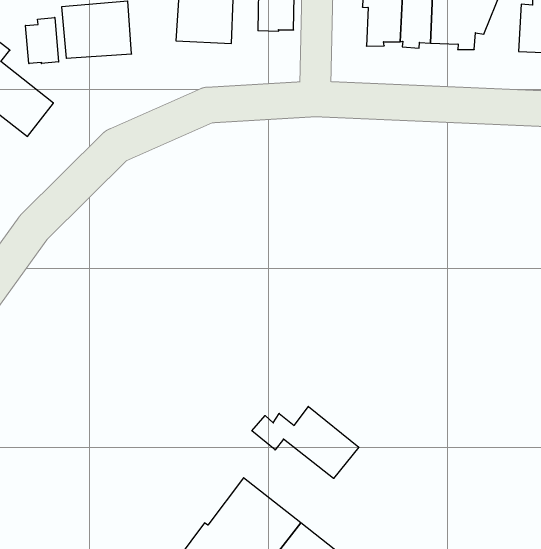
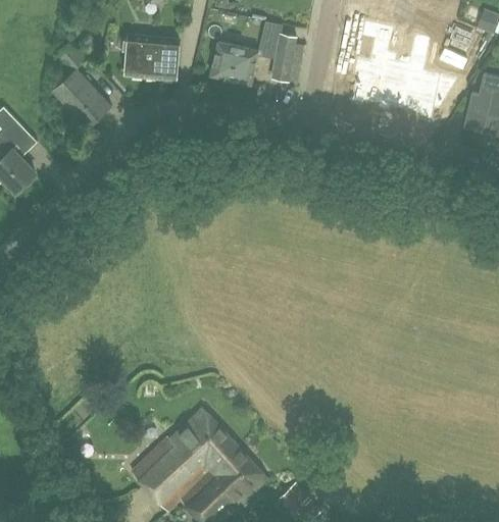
building: [26,17,59,64] -> none
building: [252,406,359,478] -> none

